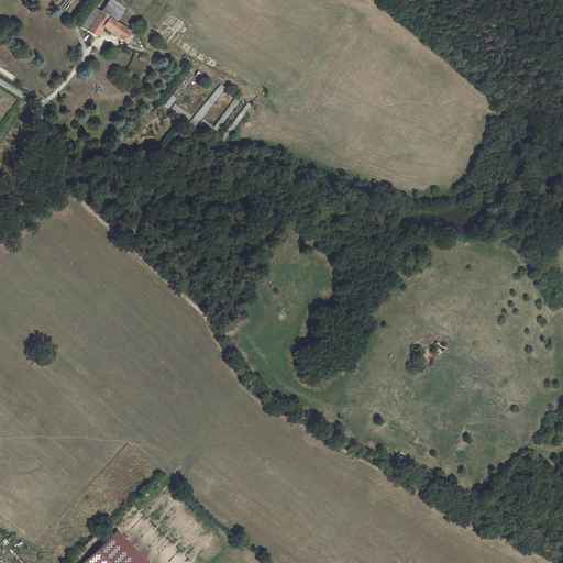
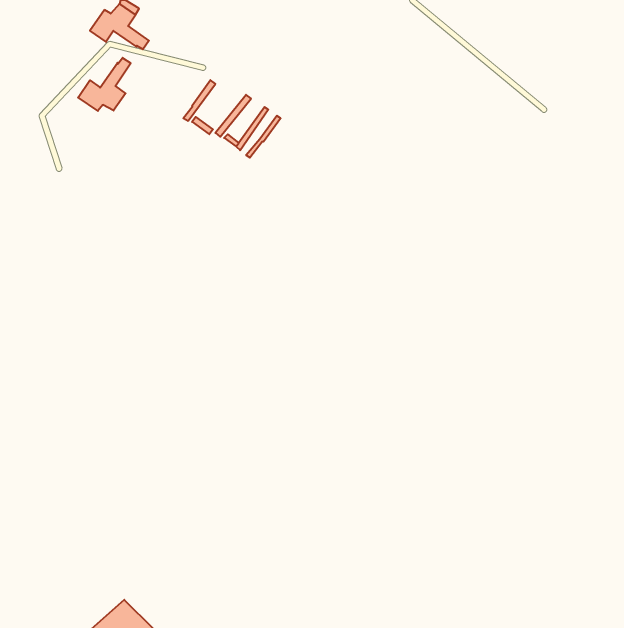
building: none -> [78,58,131,111]

